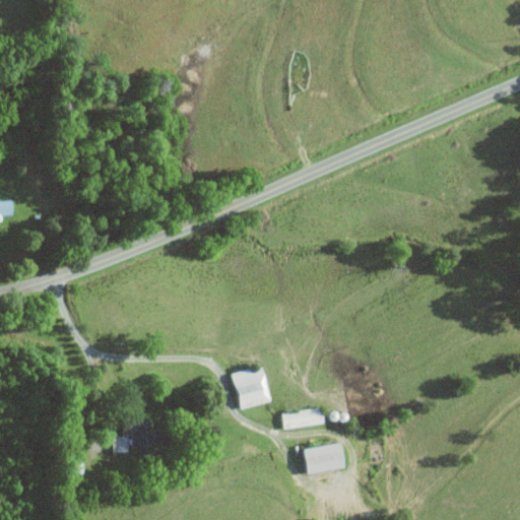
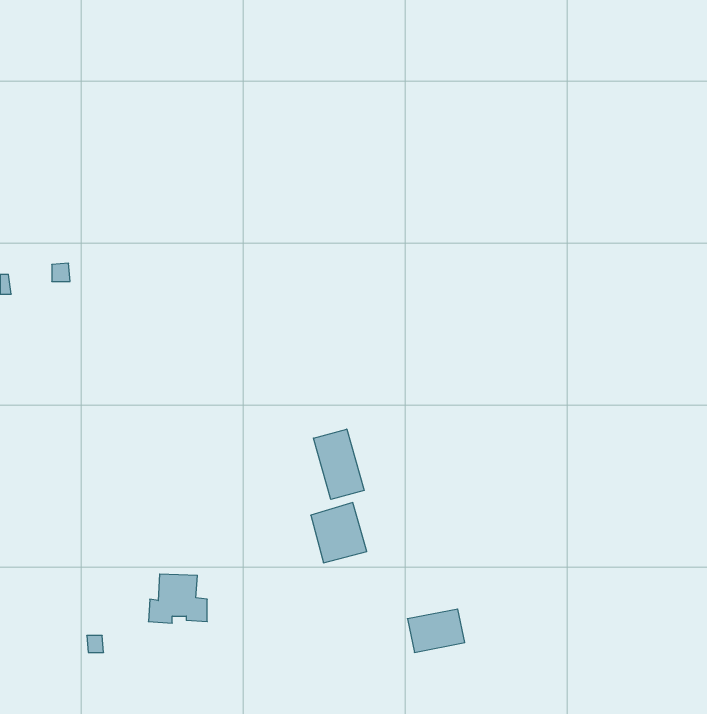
building: none -> [313,429,364,499]
building: [282,407,324,429] -> none

